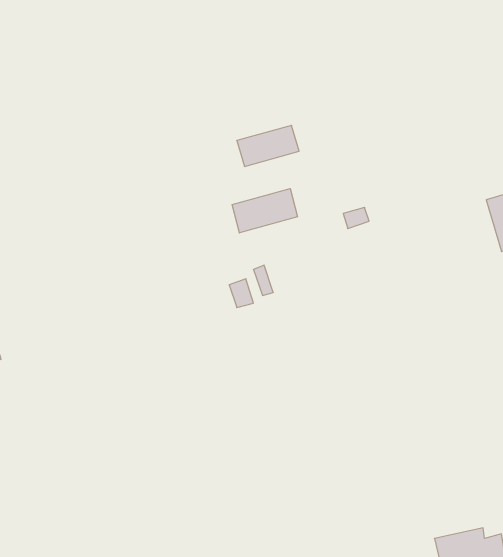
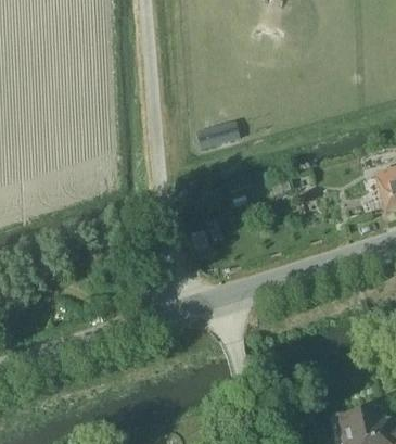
building: [232,189,298,233] -> none

